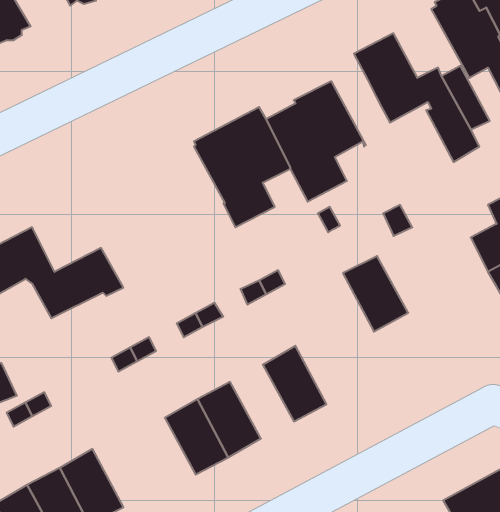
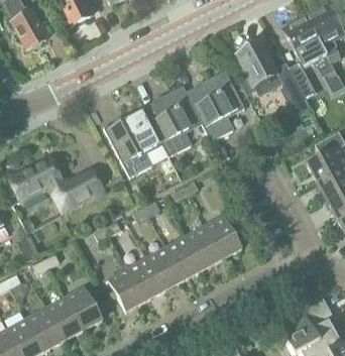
building: none -> [106,105,162,175]
building: [343,256,408,332] -> [204,215,242,259]
building: none -> [165,236,203,279]
building: none -> [108,267,145,311]

